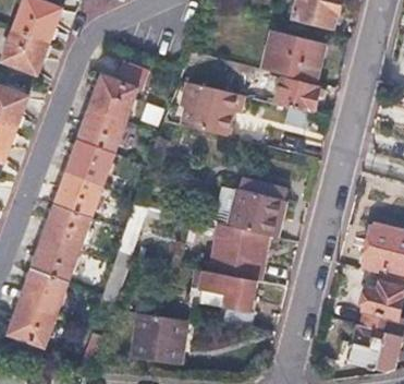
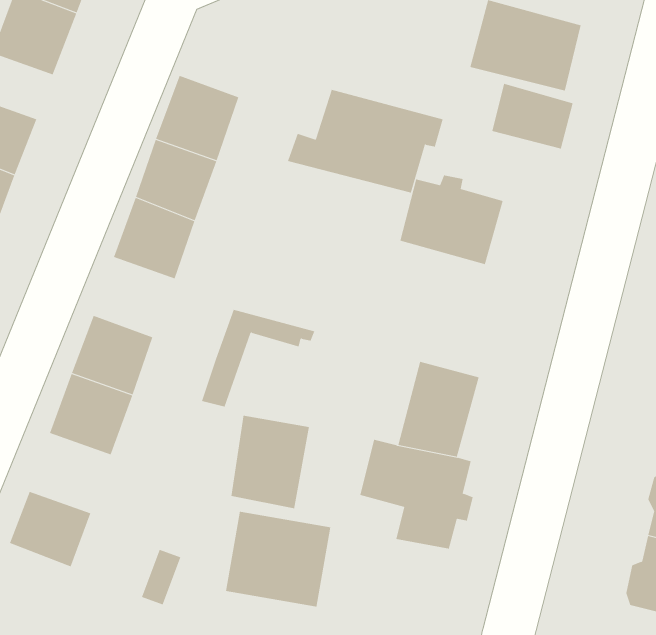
building: [58,172,102,216] -> none
building: [230,189,286,238] -> [400,175,504,265]
building: none -> [231,415,310,509]
building: [23,268,68,312] -> none

